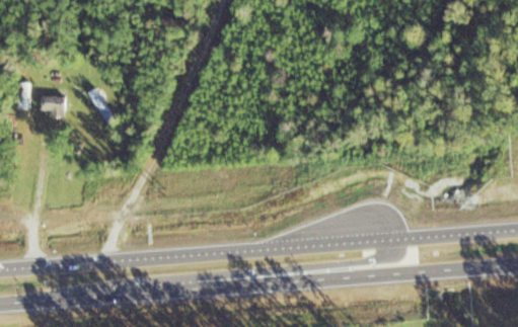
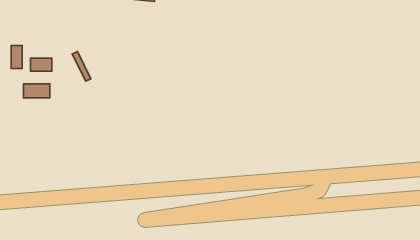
building: none -> [23,84,50,98]

